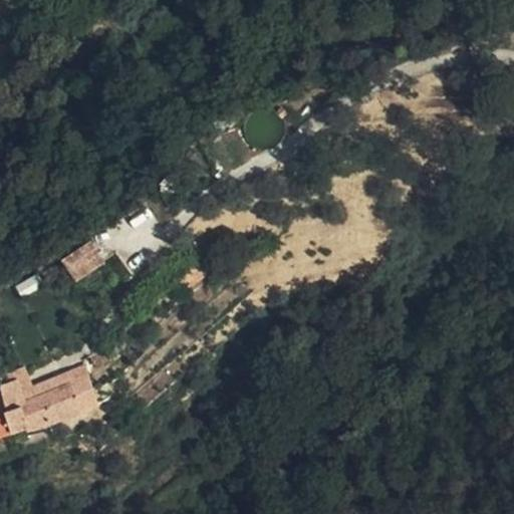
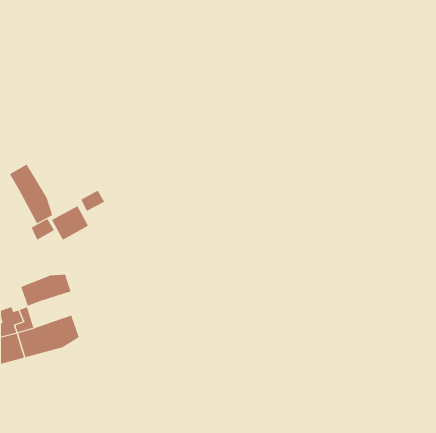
building: none -> [9,164,53,224]
building: none -> [20,274,71,306]

